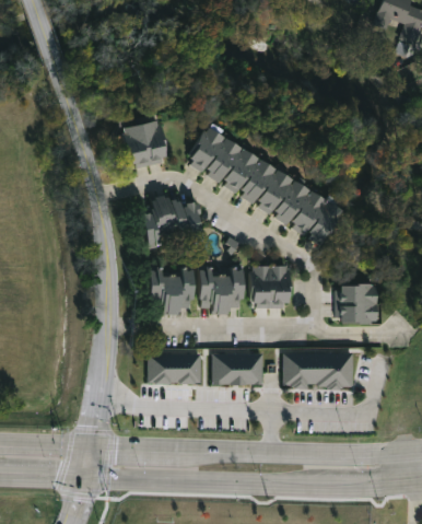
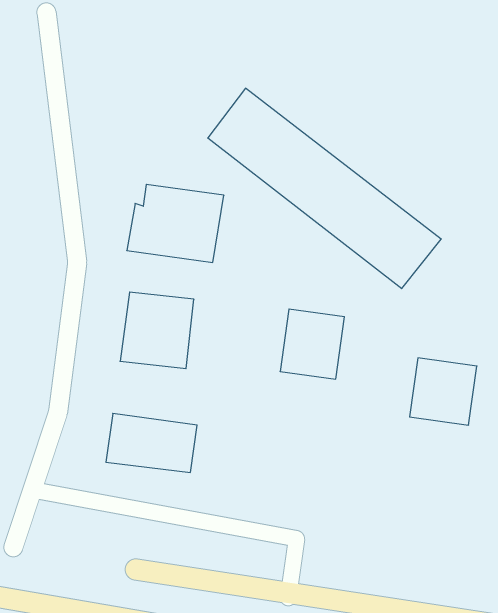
building: [121,120,166,168] -> none
building: [198,268,241,312] -> none
building: [214,349,266,379] -> none
building: [285,350,355,383] -> none

